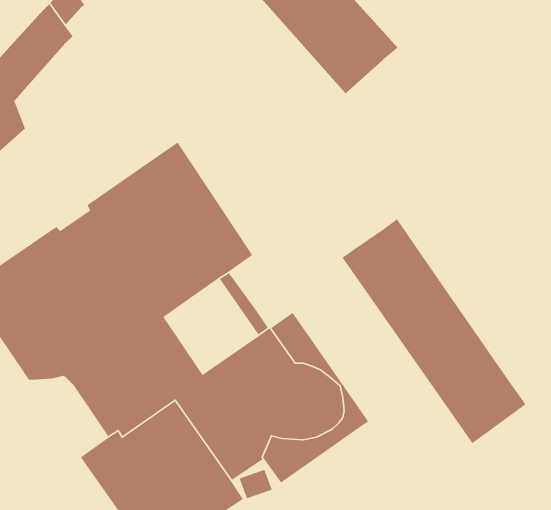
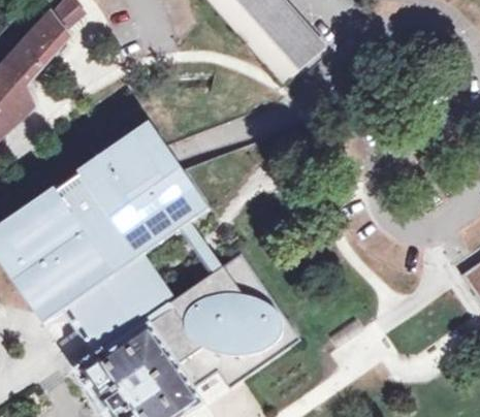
building: [342,218,527,444] -> none

